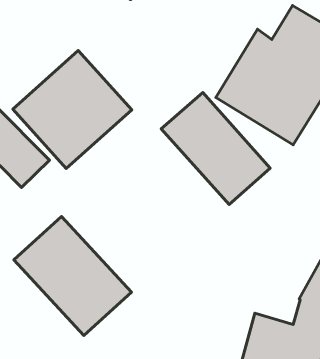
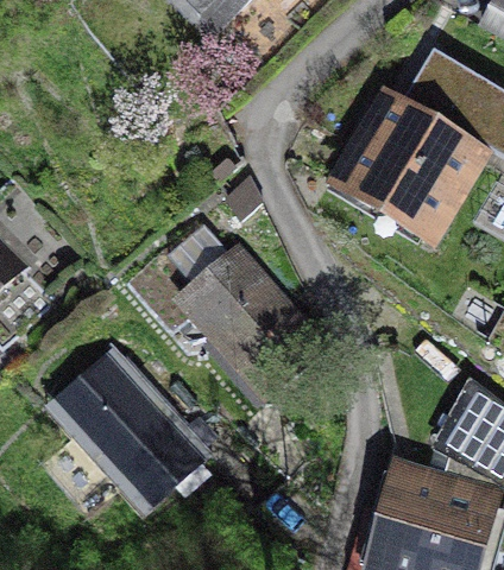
building: [13,51,132,169] -> none
building: [161,92,270,205] -> [172,245,325,401]

